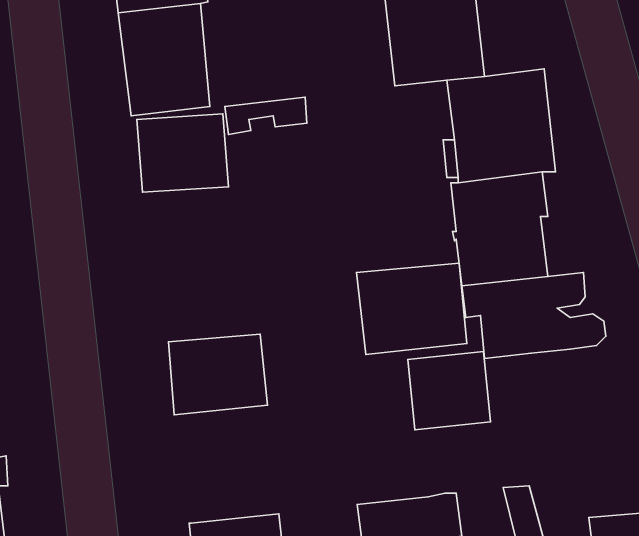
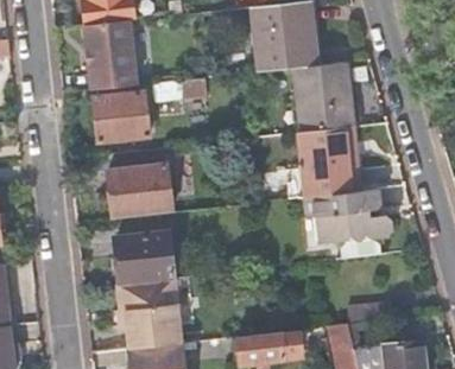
building: [356,263,467,355] -> [107,161,177,220]
building: [408,351,491,430] -> none
building: none -> [116,278,185,349]

